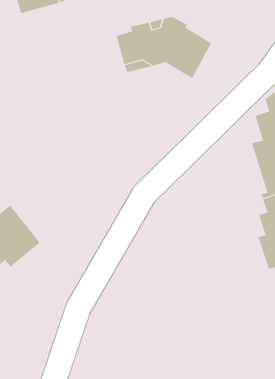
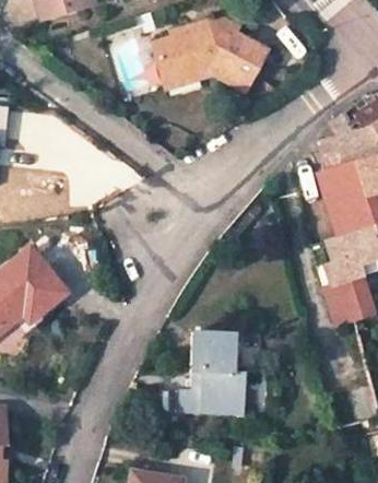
building: none -> [180,331,246,413]

